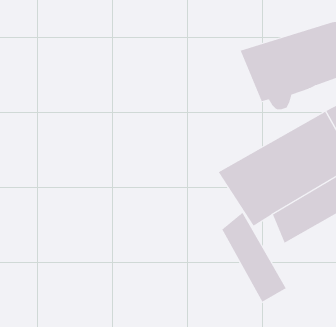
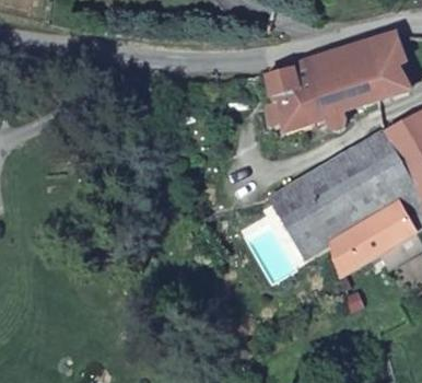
building: none -> [269,65,314,127]
building: [221,212,286,302] -> none

